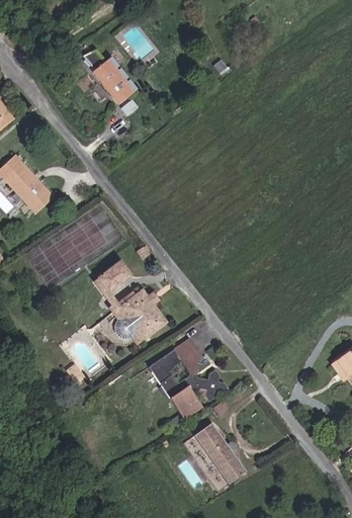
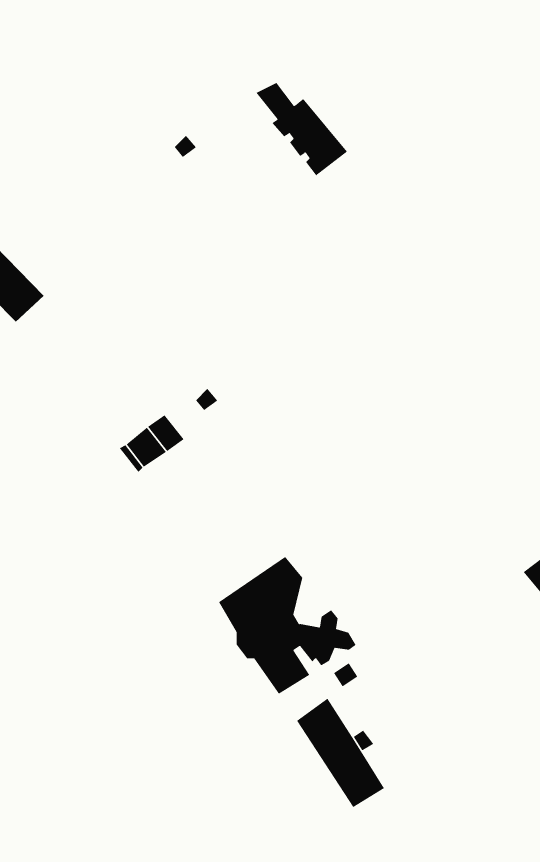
building: [83,49,136,102] -> [256,82,348,176]
building: [112,288,166,344] -> none

